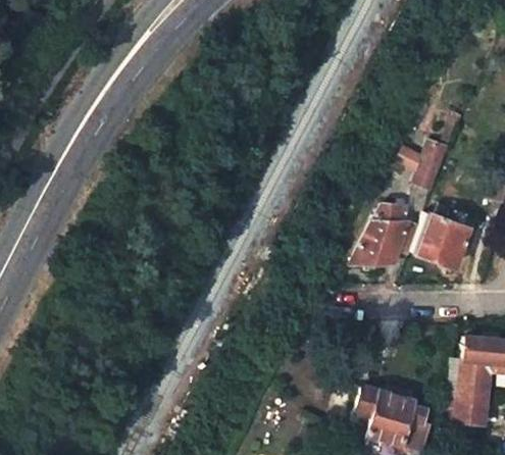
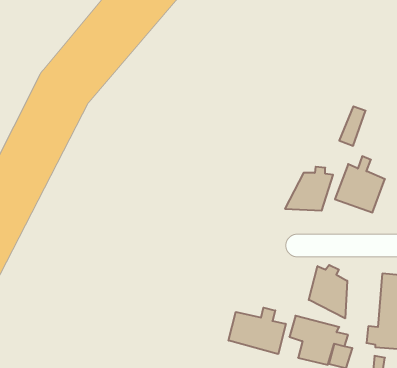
building: none -> [309,265,347,318]
building: none -> [229,308,286,354]

